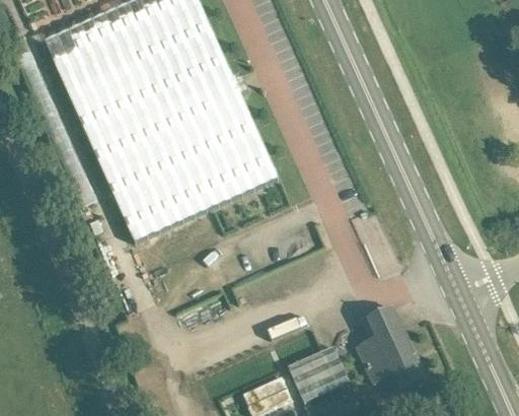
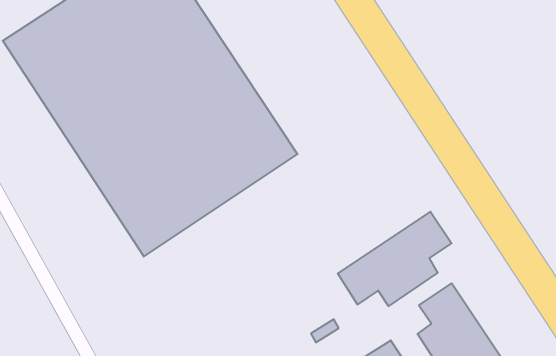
building: none -> [338,212,452,306]

